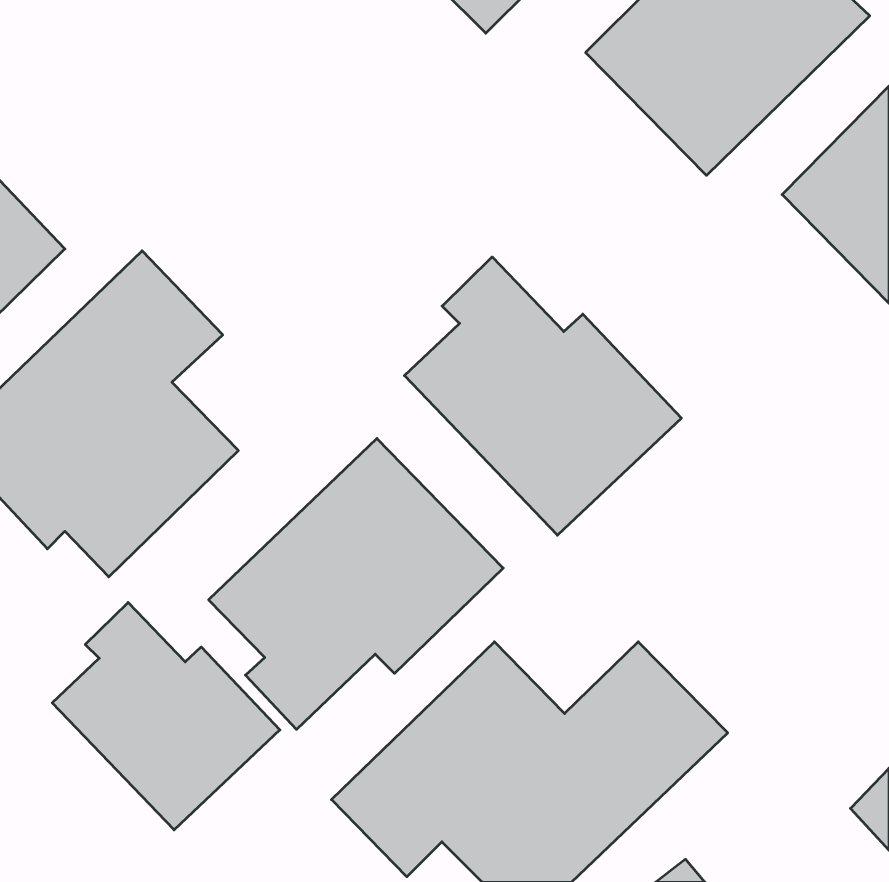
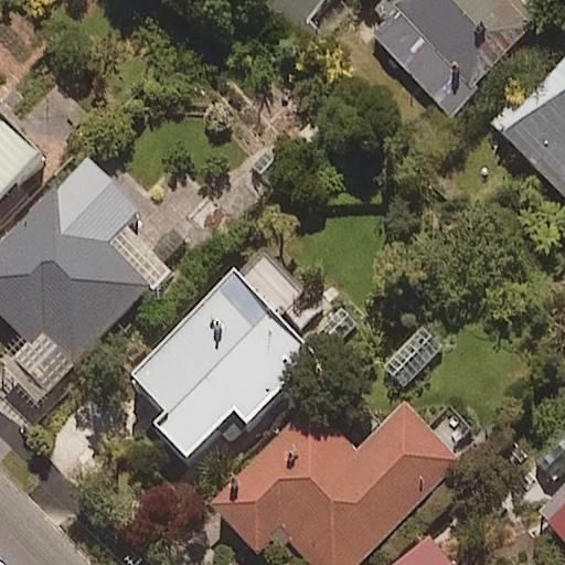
building: [404,257,681,535] -> none
building: [52,602,280,830] -> none

